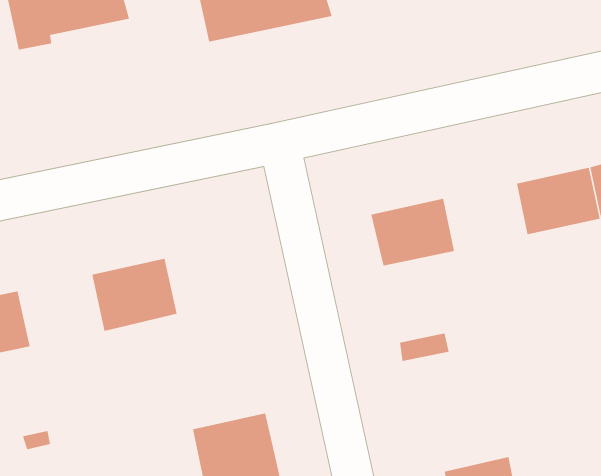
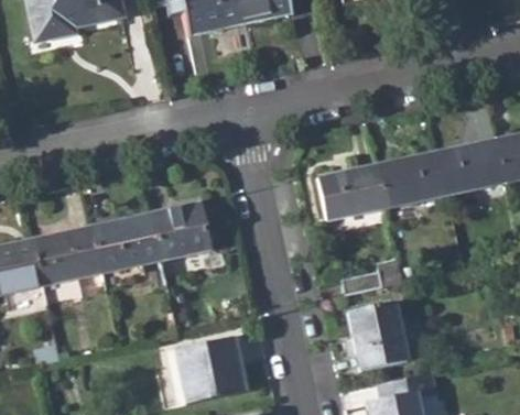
building: none -> [377,152,444,207]
building: none -> [151,201,209,258]
building: none -> [32,226,101,284]
building: none -> [347,303,407,371]

